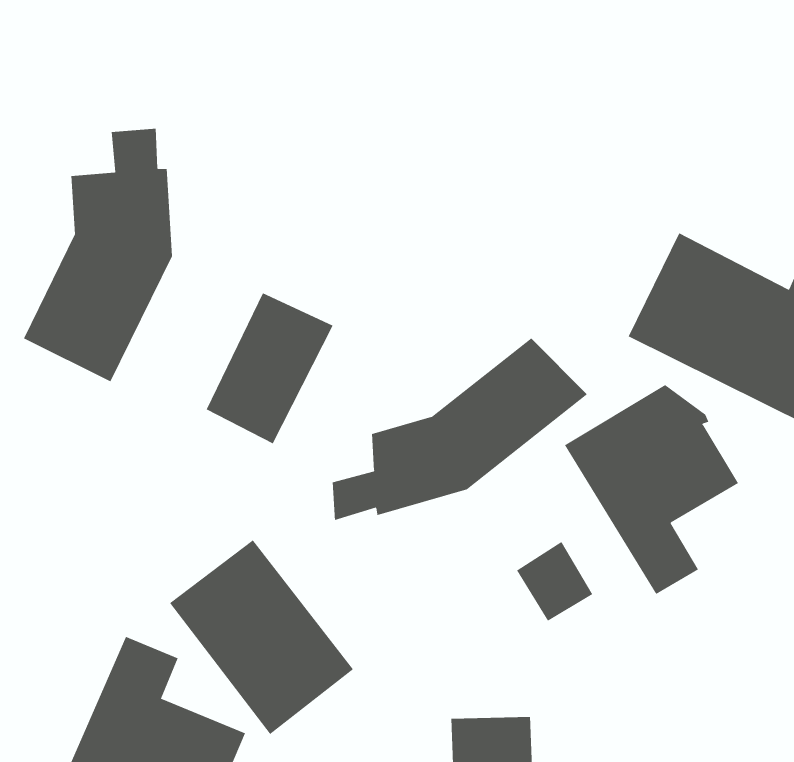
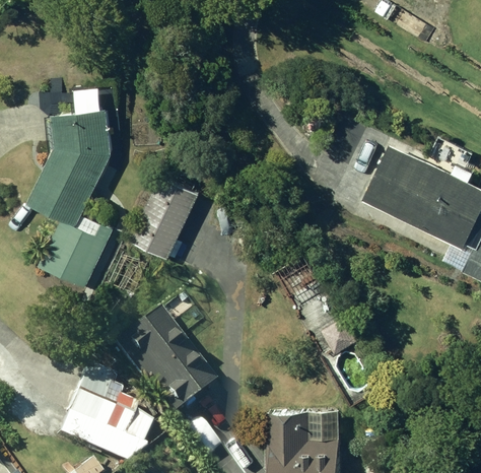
building: [332,338,588,521] -> none
building: none -> [41,221,110,289]
building: [564,384,739,595] -> none

